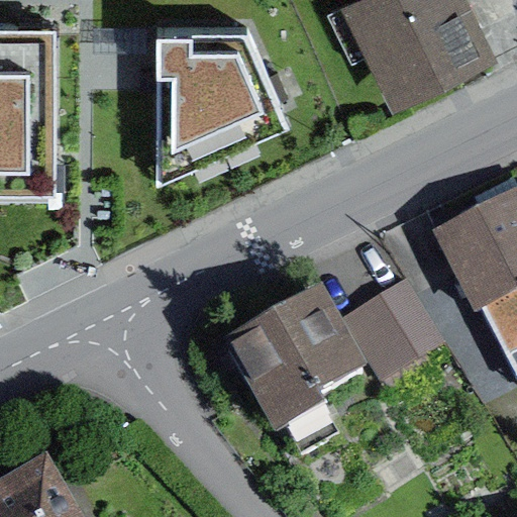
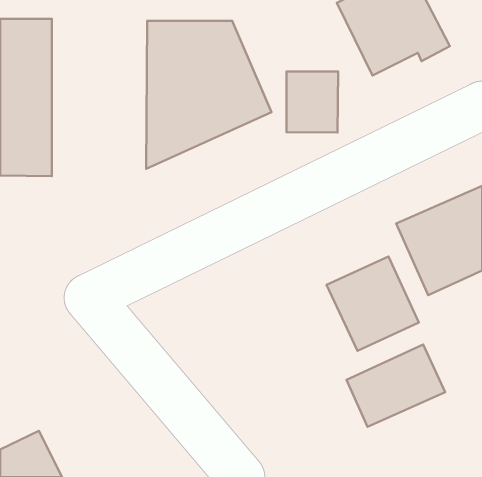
building: none -> [287,71,338,133]
building: [217,293,364,431] -> none
building: none -> [346,345,445,427]

